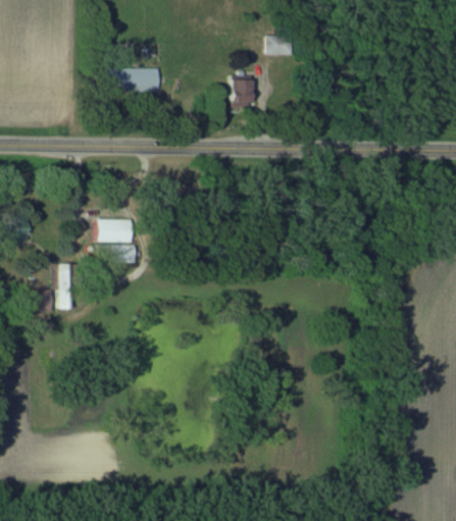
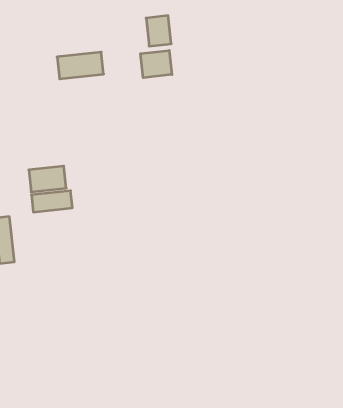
building: [113,68,158,91] -> [57,52,104,79]
building: none -> [141,50,172,78]

